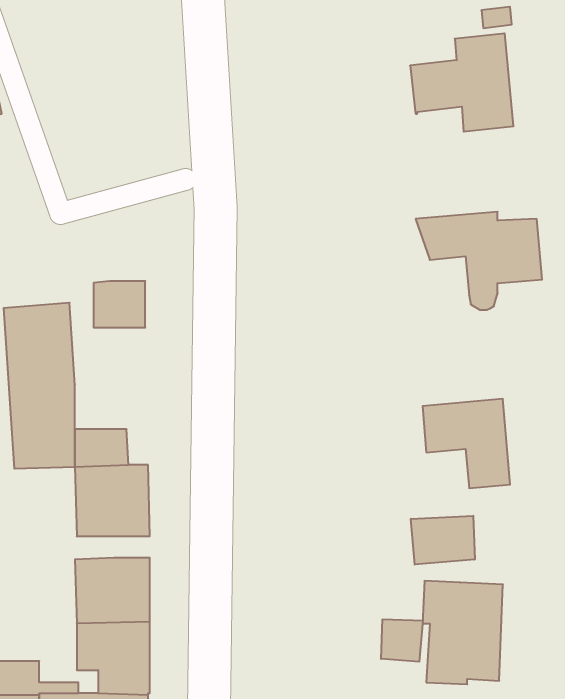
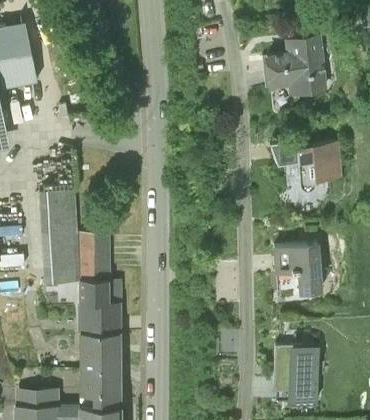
building: [94,281,145,328] -> [79,236,108,262]
building: [411,516,475,565] -> none
building: [381,619,423,662] -> none

